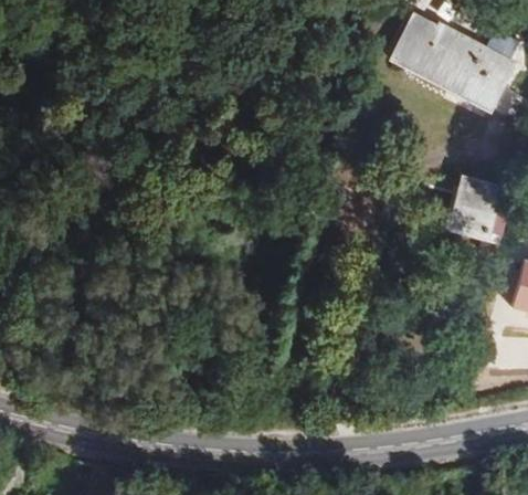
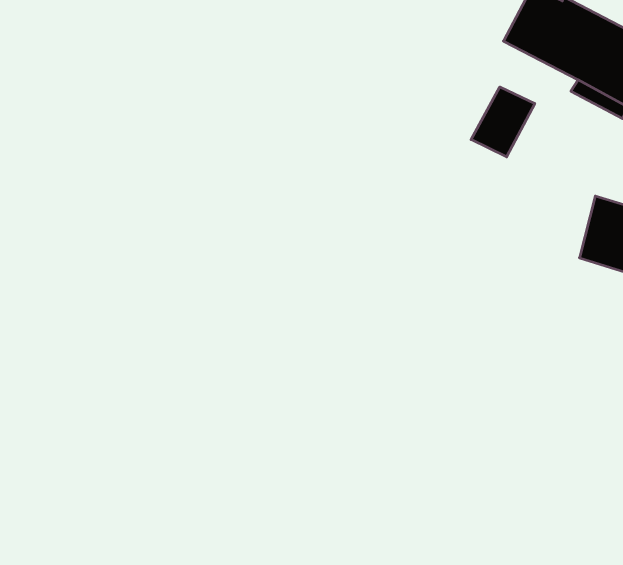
building: none -> [471,87,535,157]

